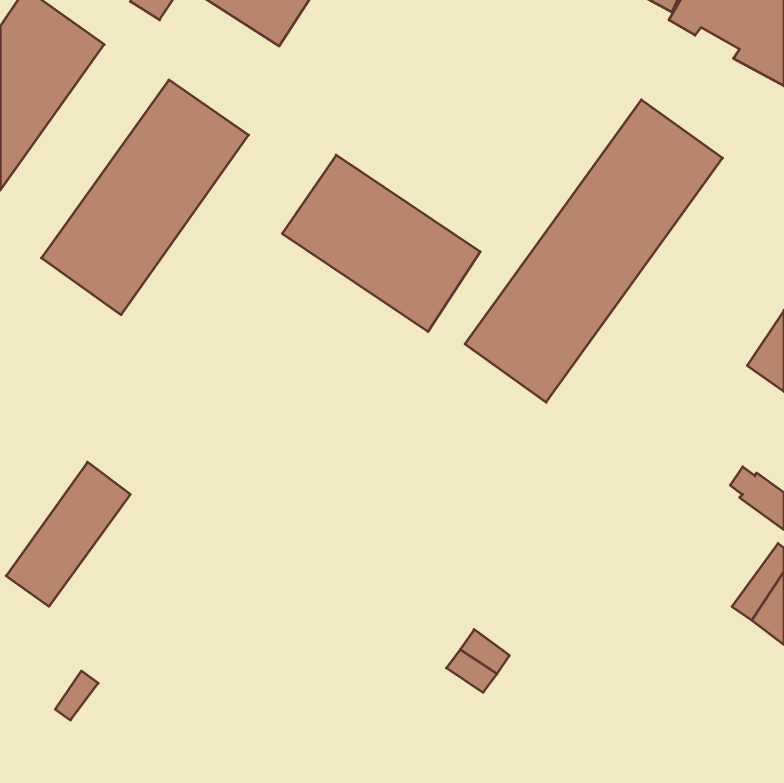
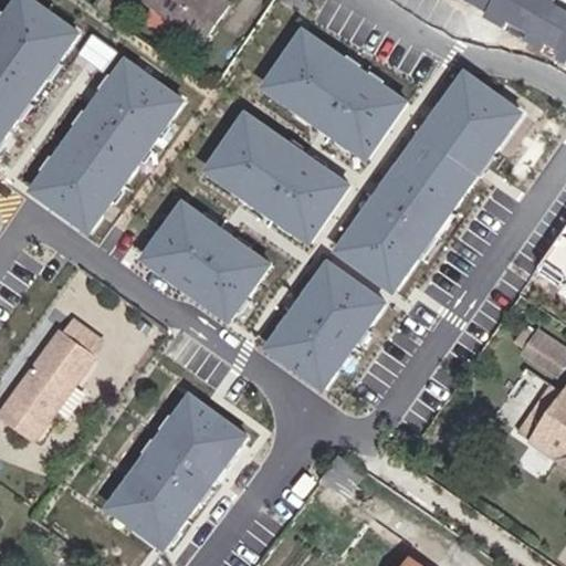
building: none -> [262,30,406,157]
building: none -> [139,201,268,319]
building: none -> [265,260,382,385]
building: none -> [105,394,245,547]

